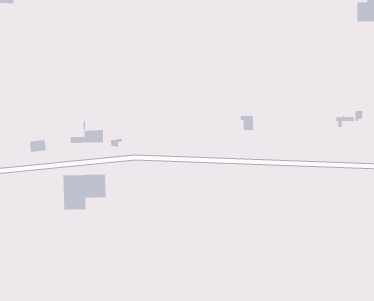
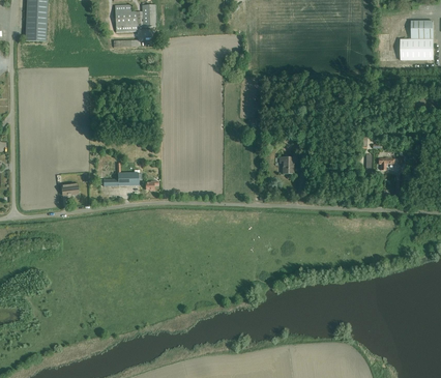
building: [63,174,106,210] -> none

